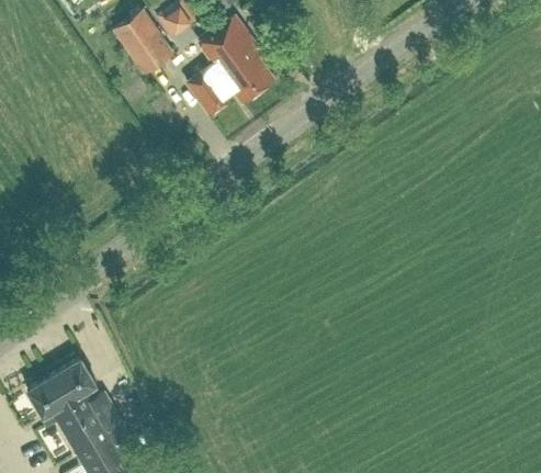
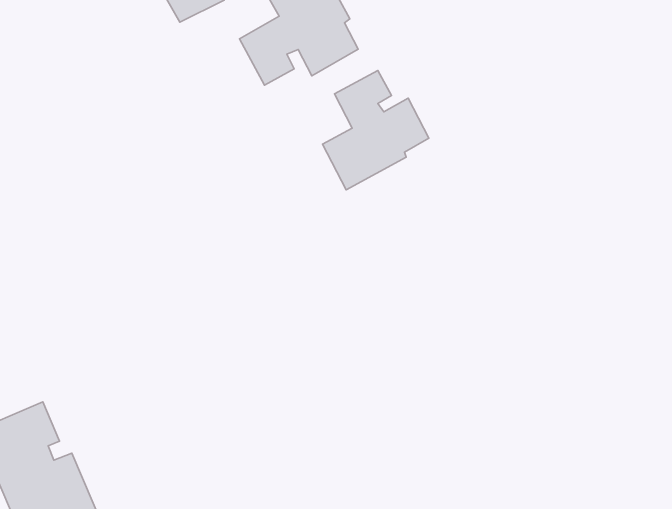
building: none -> [322,70,429,190]

